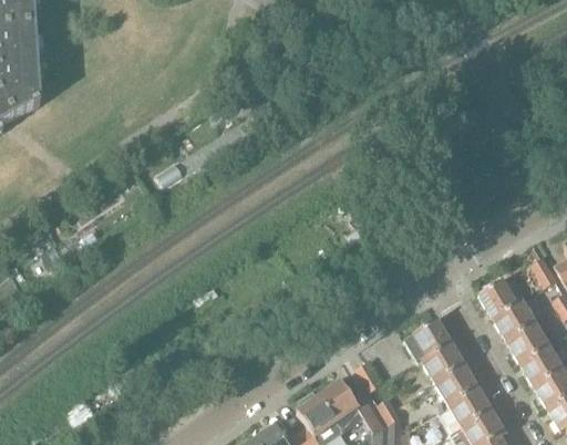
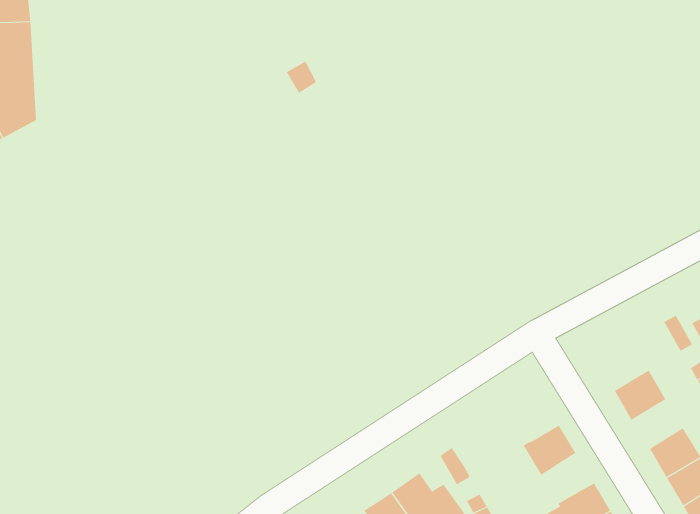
building: [481,280,516,317] -> none
building: [404,319,451,363] -> none
building: [507,323,548,362] -> none
building: [436,365,478,405] -> none

